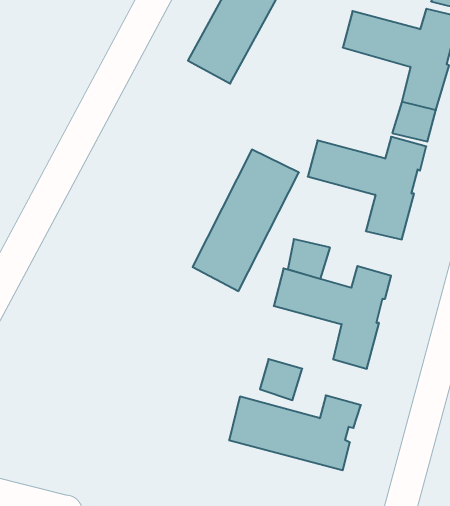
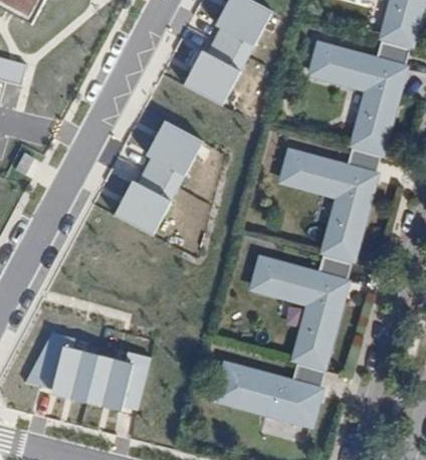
building: [193,150,299,291] -> [114,117,202,234]
building: [288,239,330,279] -> [326,226,361,259]
building: [260,359,302,400] -> [296,332,332,367]
building: none -> [35,334,161,427]

